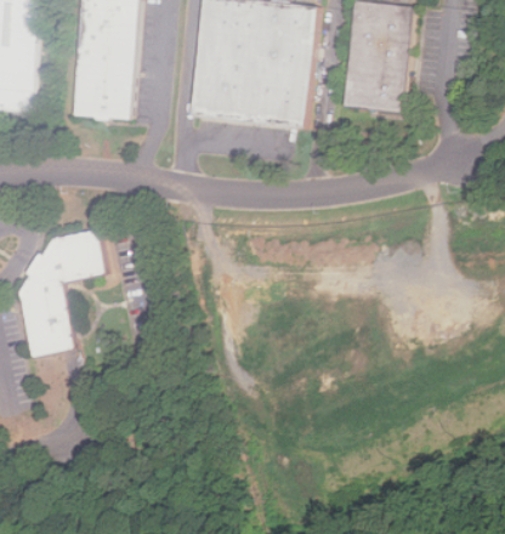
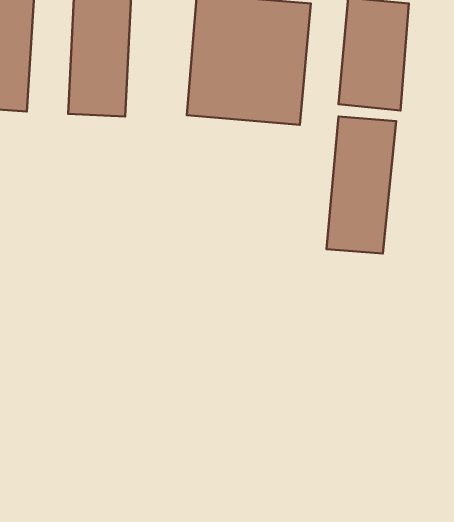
building: none -> [326,116,396,253]
building: [17,228,103,358] -> none

